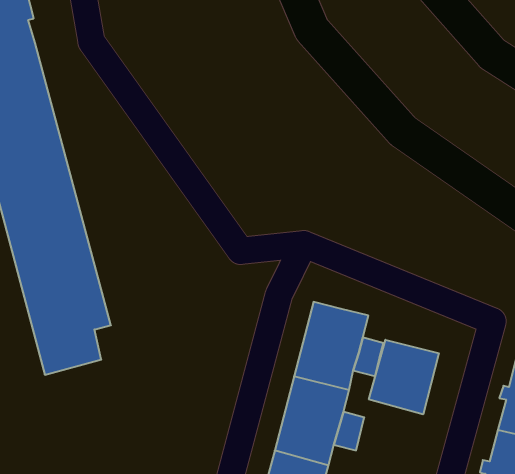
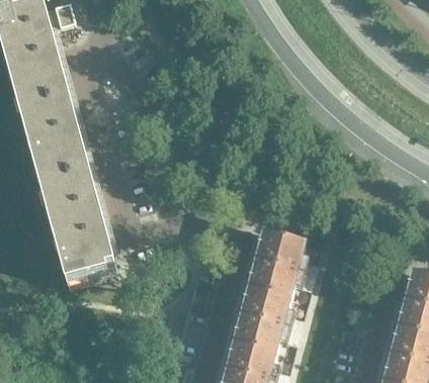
building: [369,340,439,414] -> none

